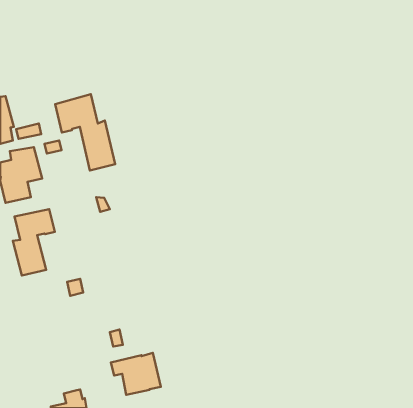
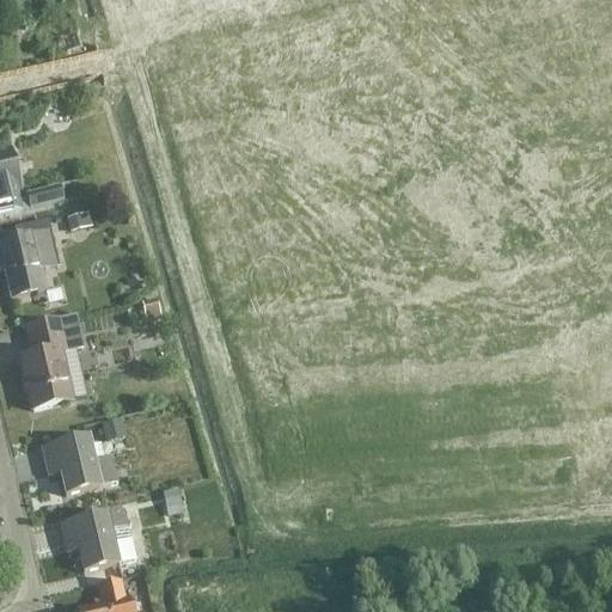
building: [55,94,115,170] -> none
building: none -> [39,434,115,492]
building: [111,353,161,395] -> [59,507,133,569]

